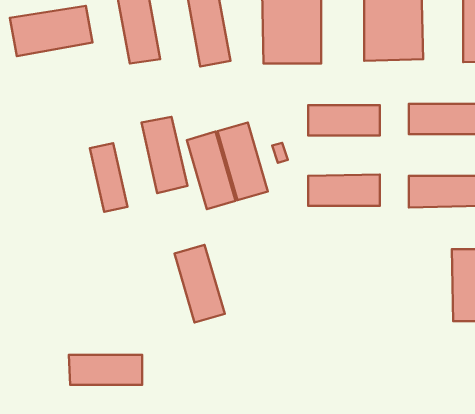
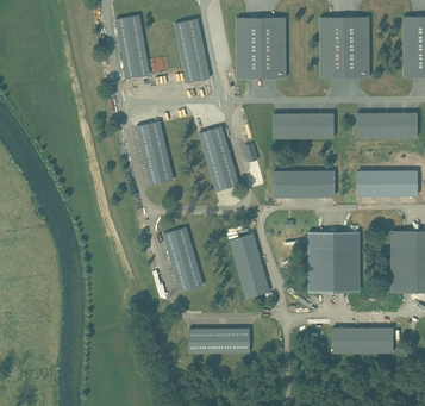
building: [10,6,93,56] -> none
building: [187,132,236,209] -> [229,235,269,299]
building: [90,143,127,212] -> none
building: none -> [308,233,357,293]
building: [69,355,142,385] -> [189,330,250,355]
building: none -> [333,329,393,355]

